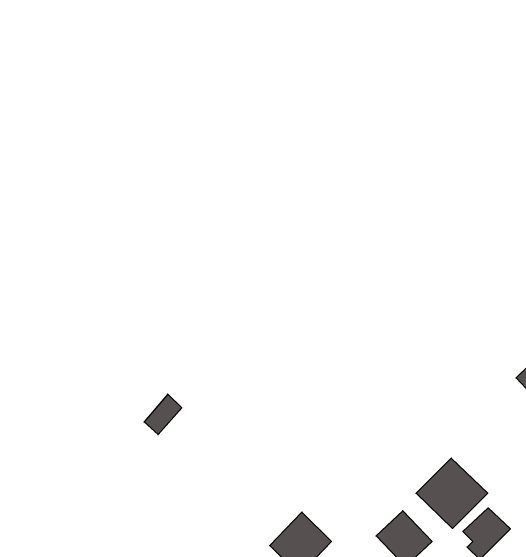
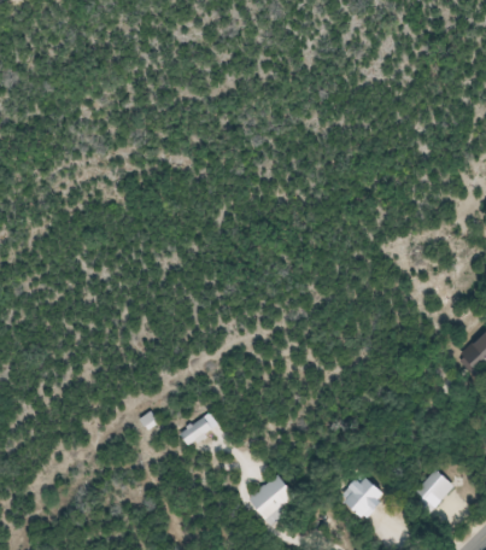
building: [144,394,182,435] -> [178,414,211,449]
building: [416,458,488,528] -> none

